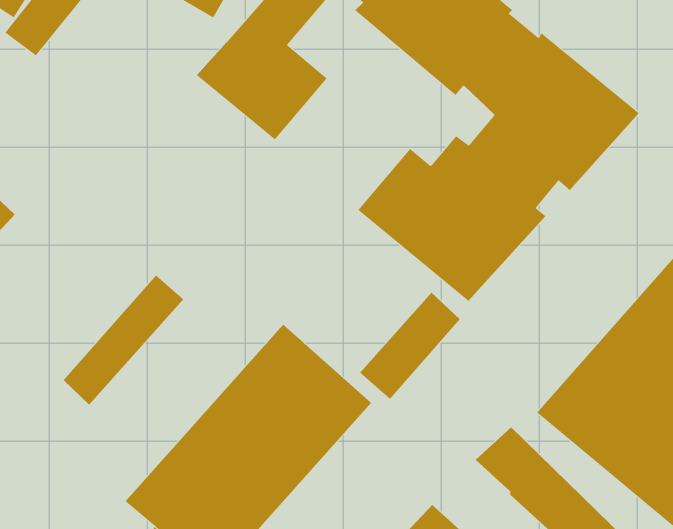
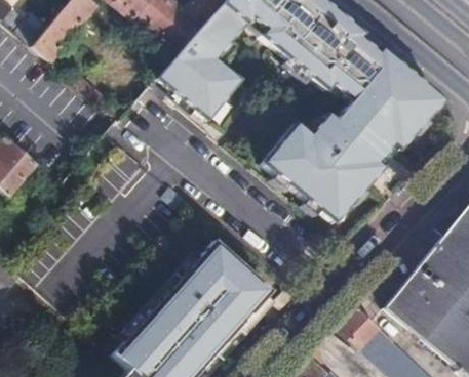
building: [63,274,184,405] -> none
building: [359,292,460,400] -> none

